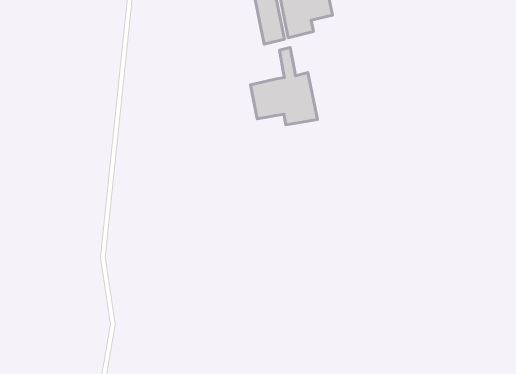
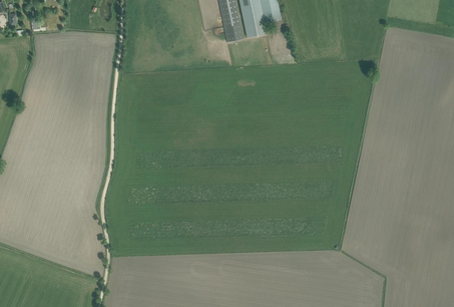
building: [250,47,317,125] -> none

